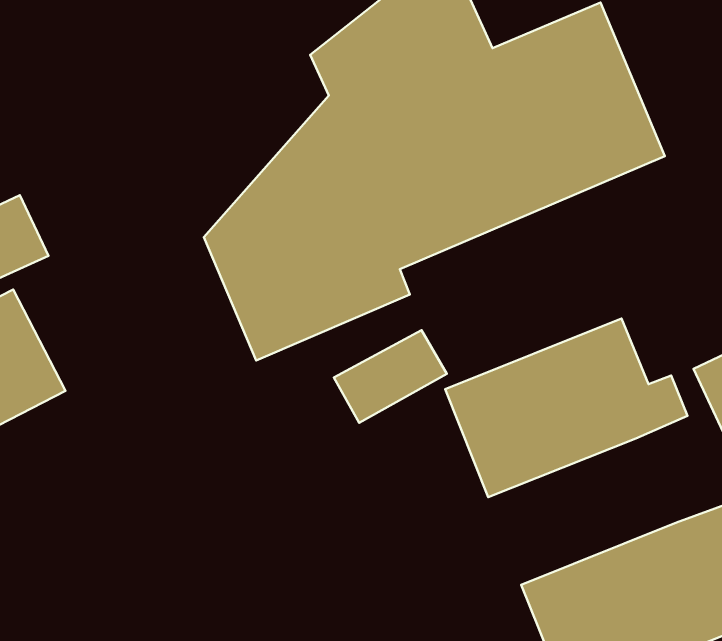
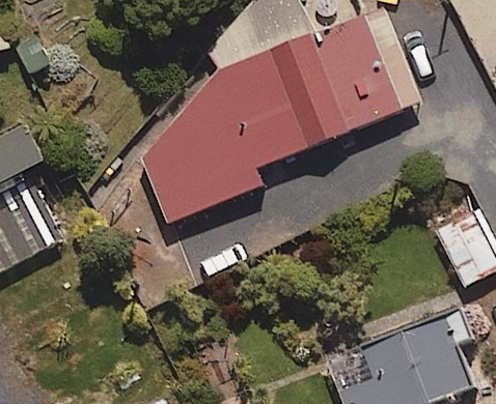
building: [445,319,687,497] -> none

